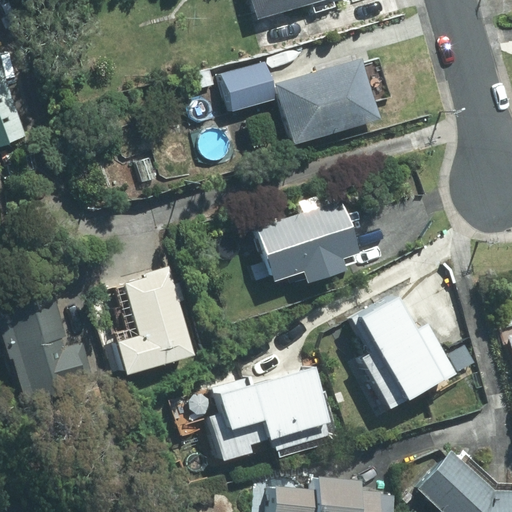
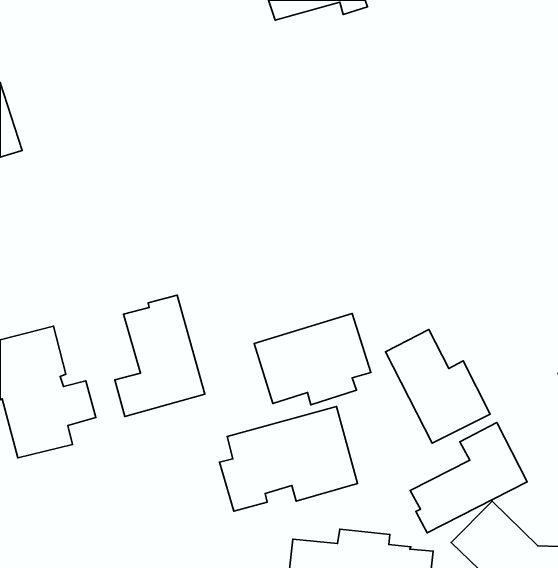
building: [223,59,383,145] -> none
building: [252,201,357,283] -> [254,313,371,405]
building: none -> [410,423,527,533]

